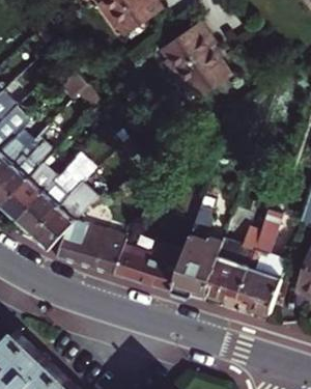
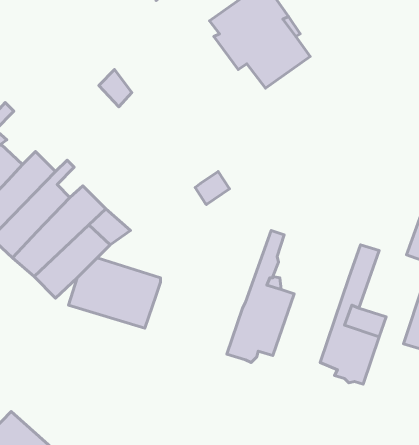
building: [204,231,259,298] -> none
building: [112,245,185,290] -> none

